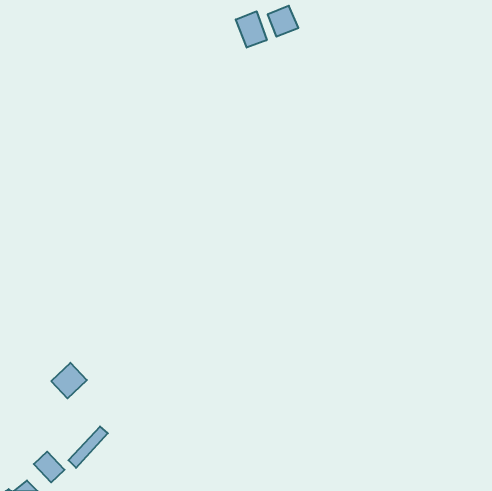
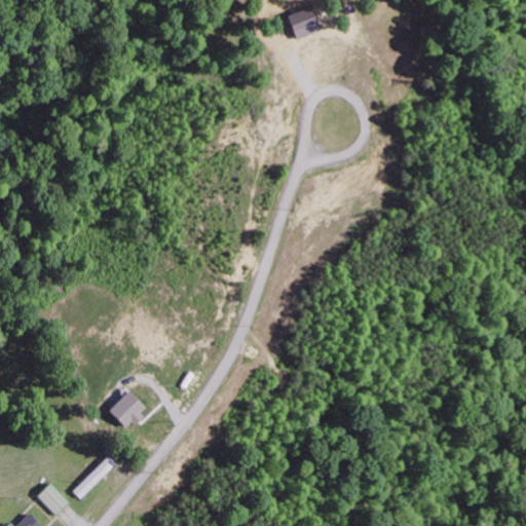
building: [236,11,267,48] -> none
building: [51,363,87,398] -> [108,390,146,428]

